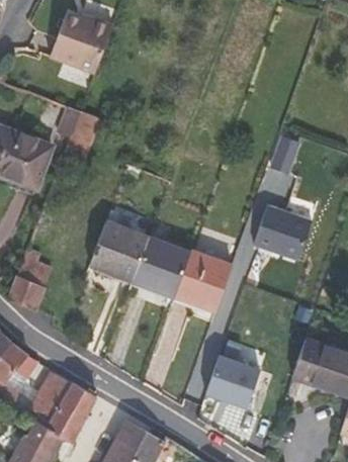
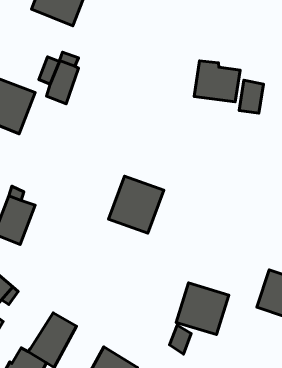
building: none -> [194,61,240,102]
building: [252,201,313,260] -> none
building: [89,222,149,283] -> none
building: [174,252,232,313] -> none
building: [28,372,72,423] -> none

